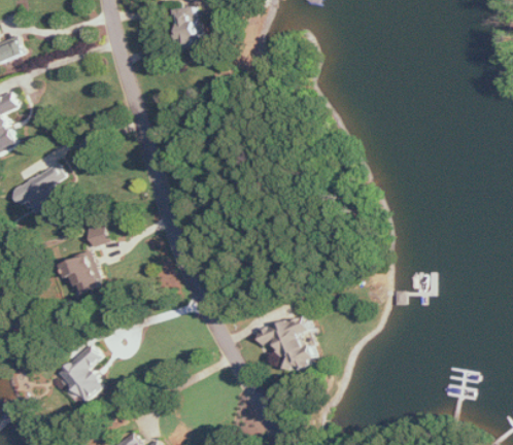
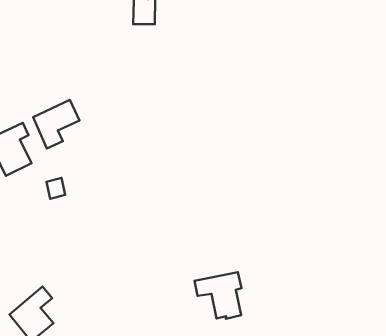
building: none -> [33,100,79,149]
building: [60,254,98,295] -> none

